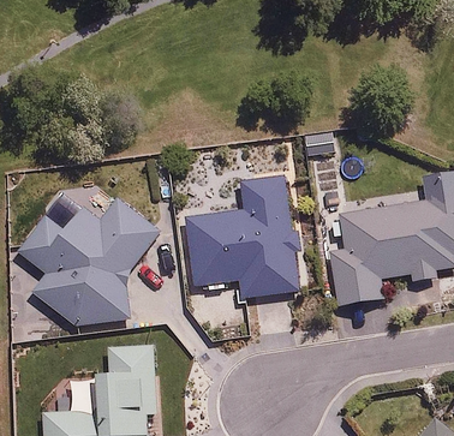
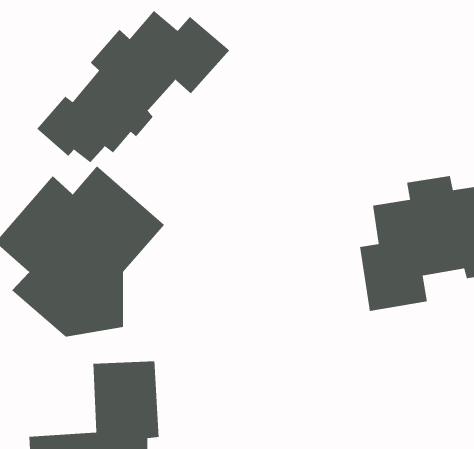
building: none -> [36,10,230,163]
building: [185,177,301,297] -> none

